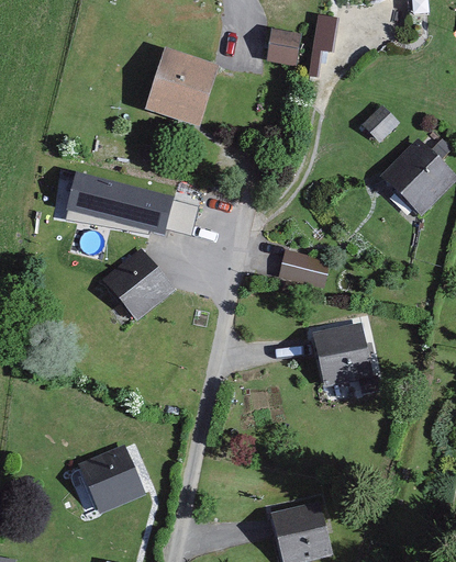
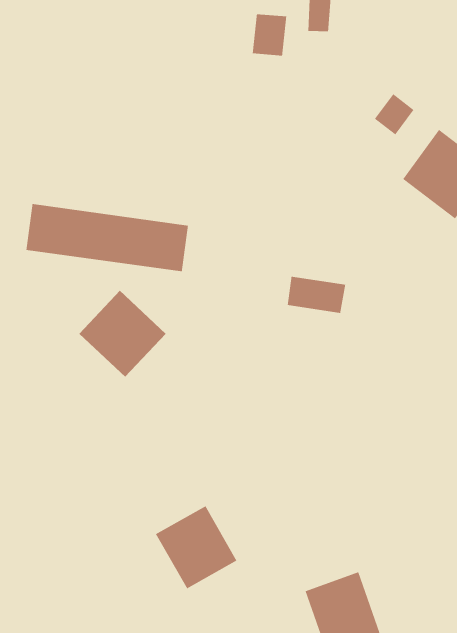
building: [147,52,219,127] -> none
building: [311,322,371,382] -> none
building: [76,445,142,513] -> [155,505,237,590]

